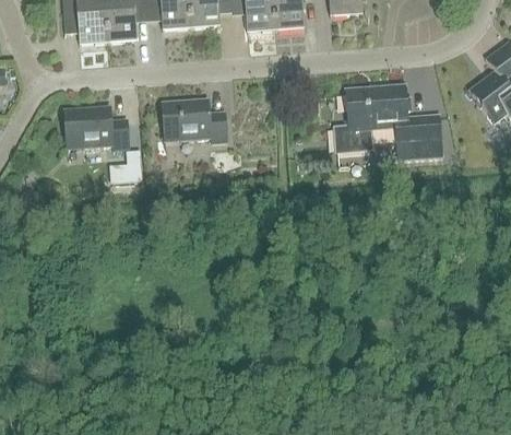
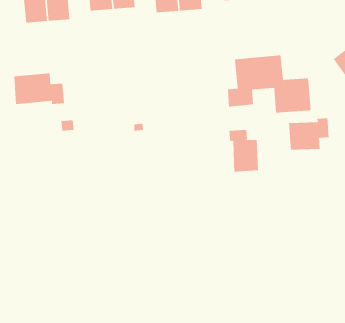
building: [162,101,227,140] -> none
building: none -> [288,117,329,150]
building: none -> [229,129,258,173]

